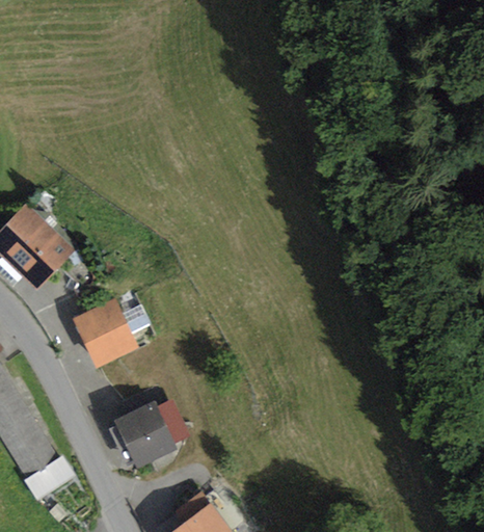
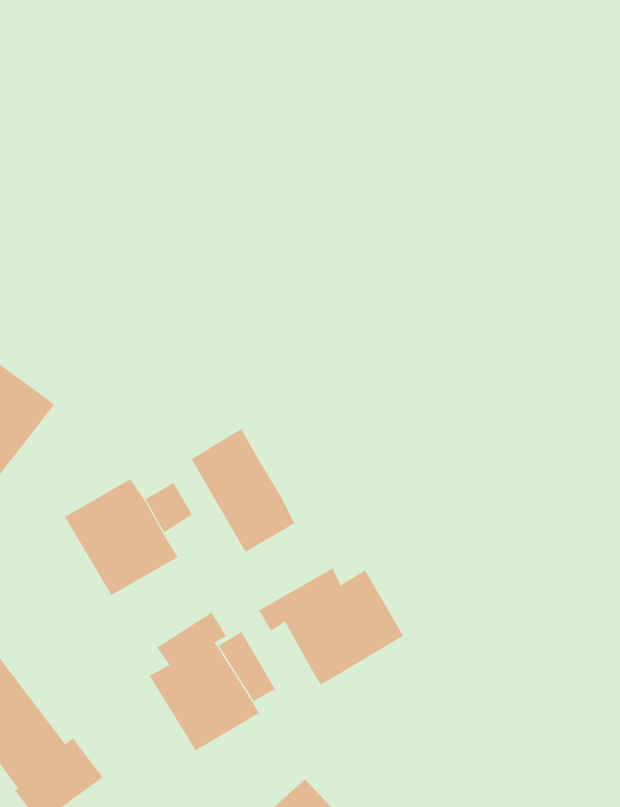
building: none -> [191,428,295,553]
building: none -> [258,568,404,686]

